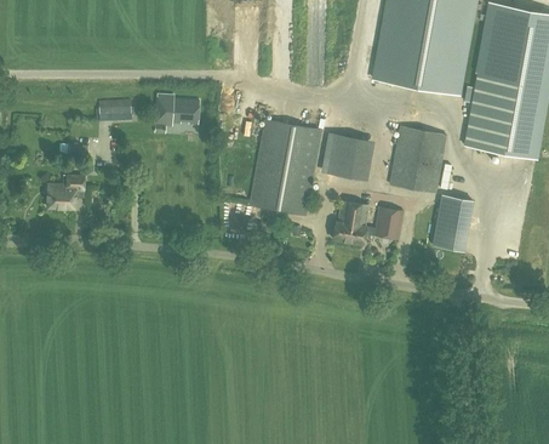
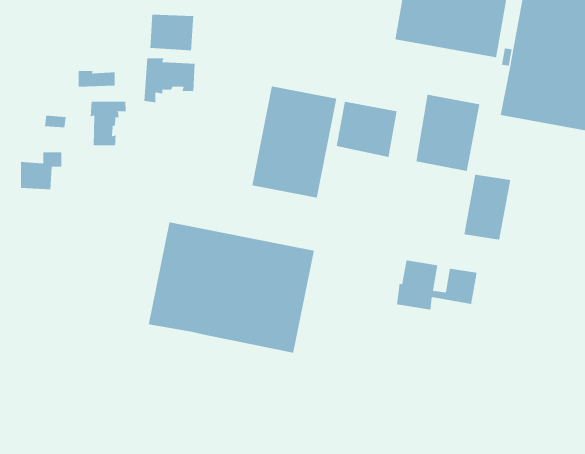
building: none -> [150,14,194,51]
building: none -> [90,101,126,146]
building: [332,200,402,244] -> [396,260,477,310]
building: none -> [148,221,314,353]

